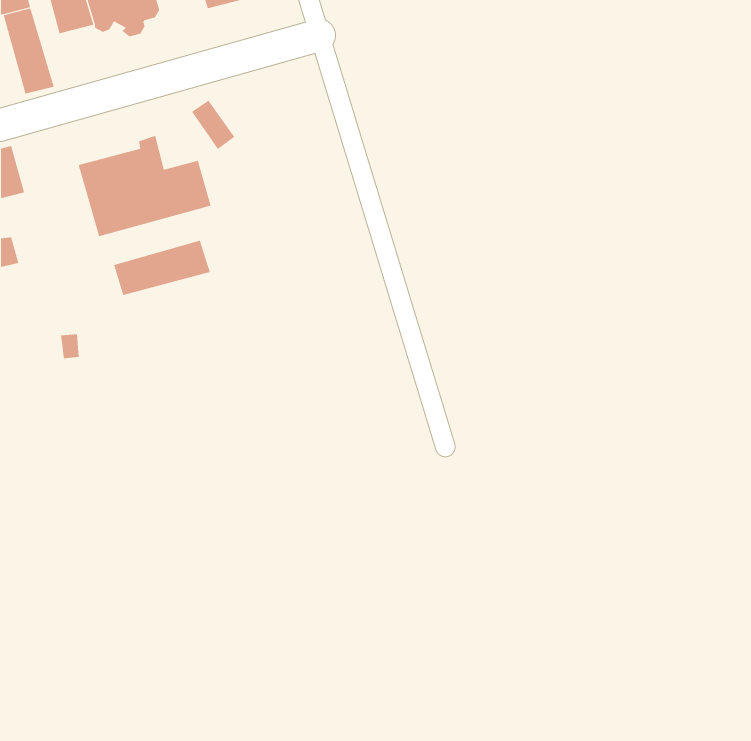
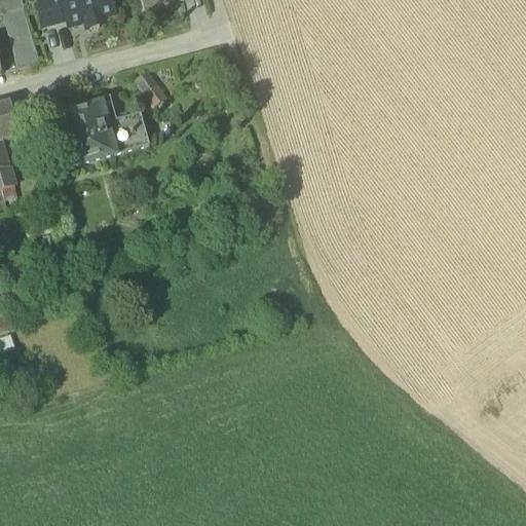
building: [113,240,210,296] -> none

